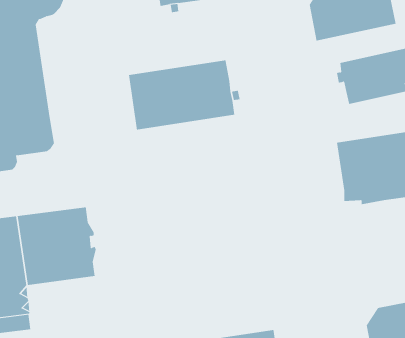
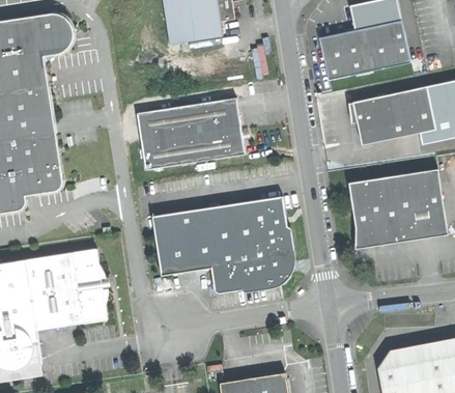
building: none -> [151,195,291,292]

